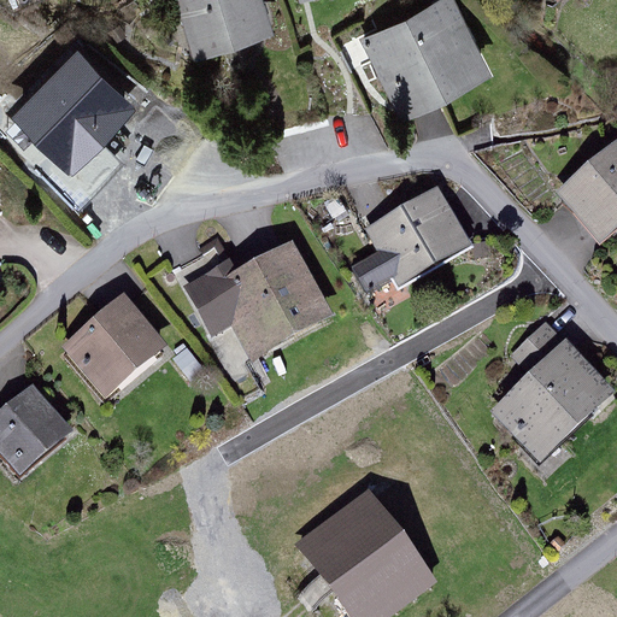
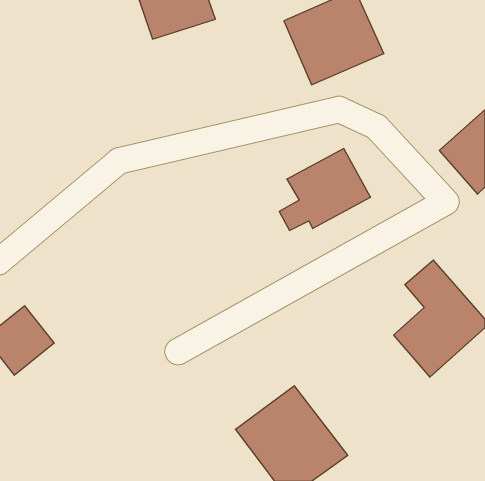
building: [5,47,128,168] -> none
building: [182,245,331,363] -> none
building: [63,300,164,398] -> none

